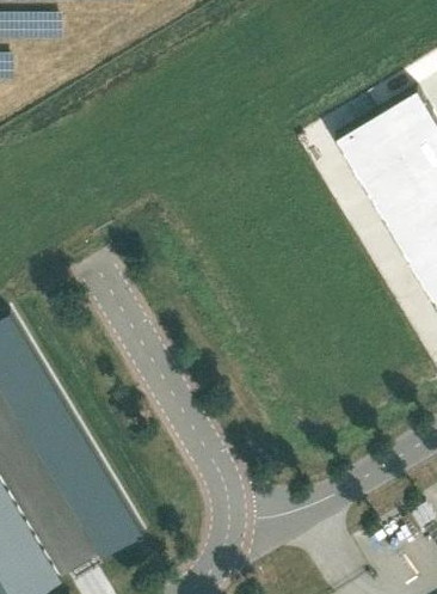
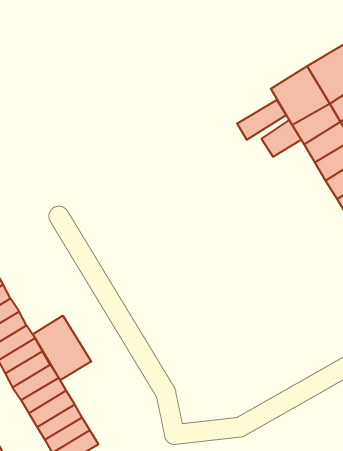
building: none -> [237,100,286,140]
building: none -> [262,120,301,157]
building: none -> [33,316,91,380]

